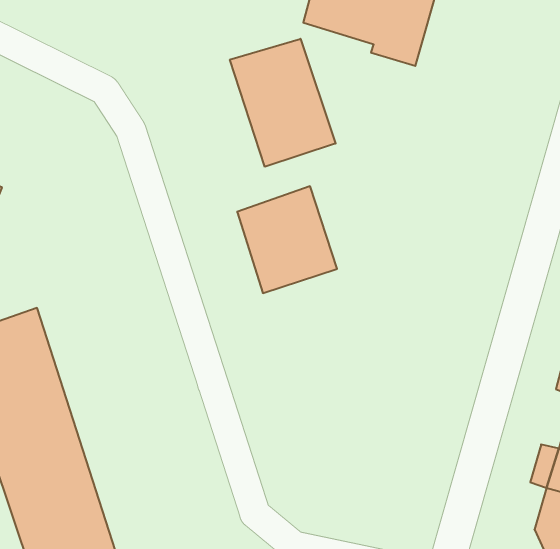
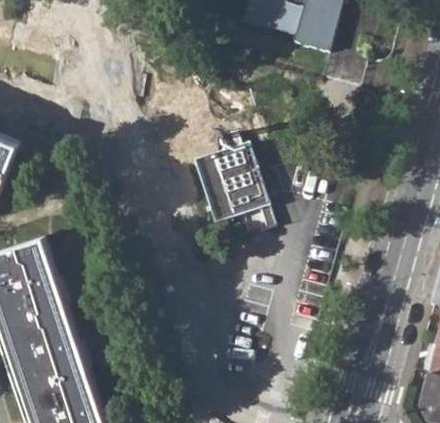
building: [230,39,336,167] -> none

